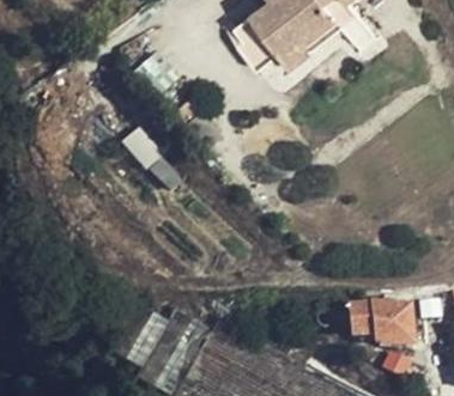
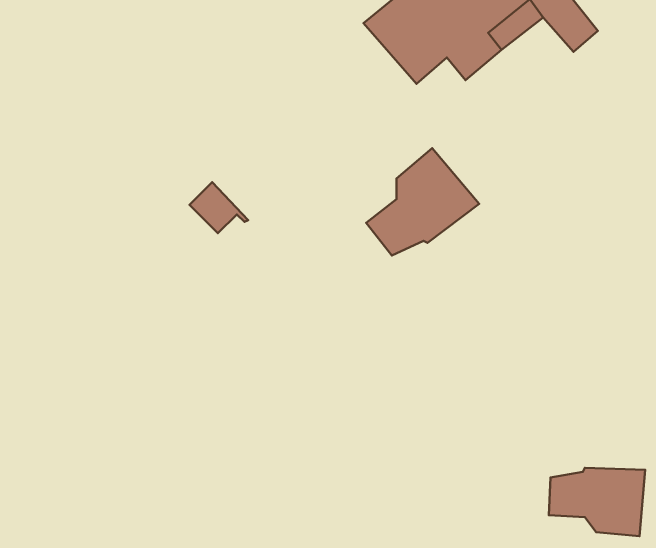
building: none -> [366,148,479,256]

